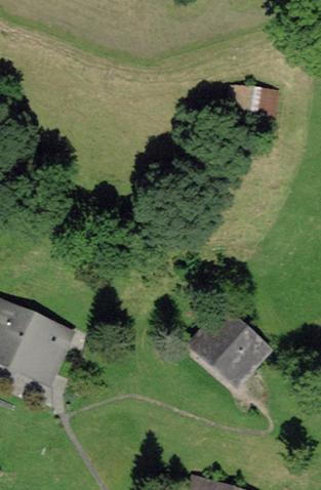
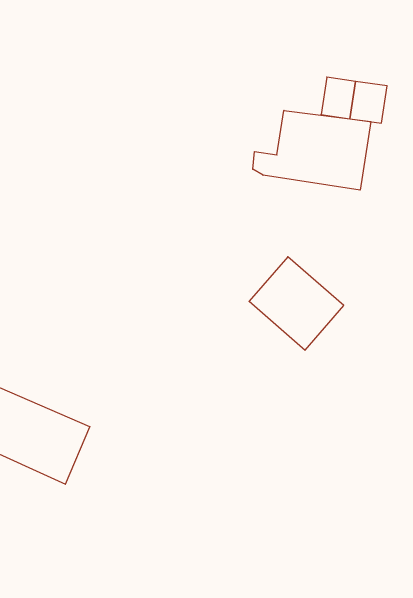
building: none -> [253,110,371,190]
building: [201,312,269,378] -> [249,257,344,350]

